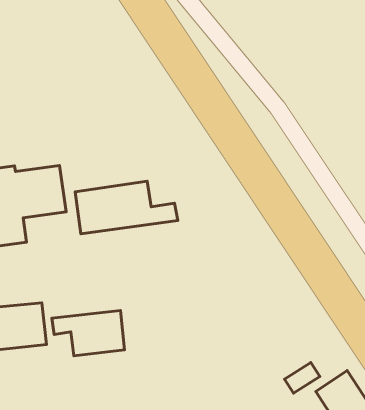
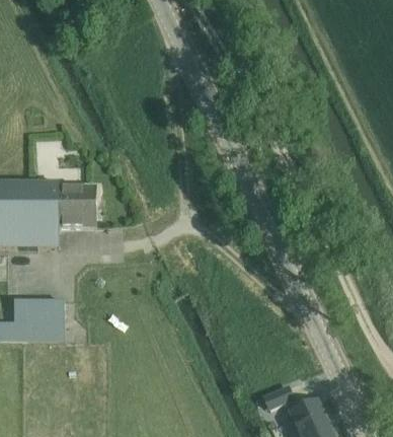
building: [75,181,178,234] -> none
building: [52,311,125,356] -> none

